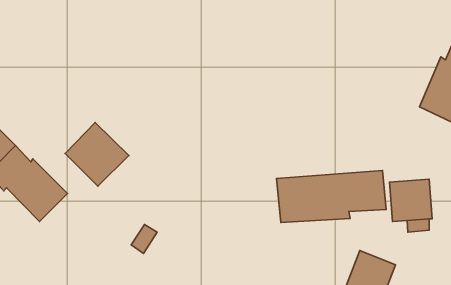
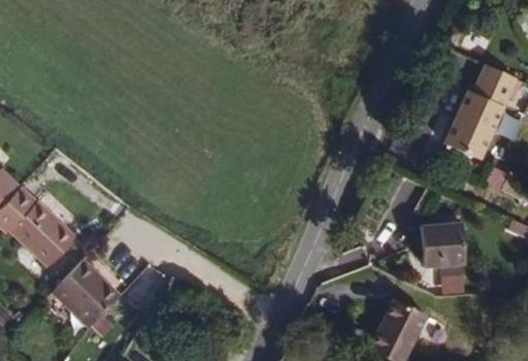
building: [65,123,129,186] -> [51,259,119,327]
building: [276,171,386,222] -> none

